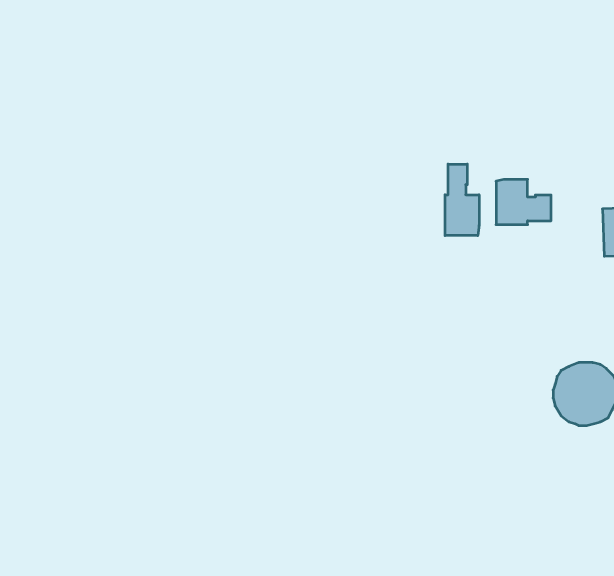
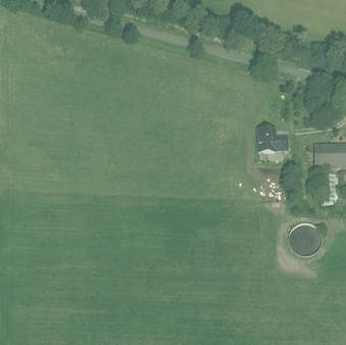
building: [445,164,479,236] -> none

